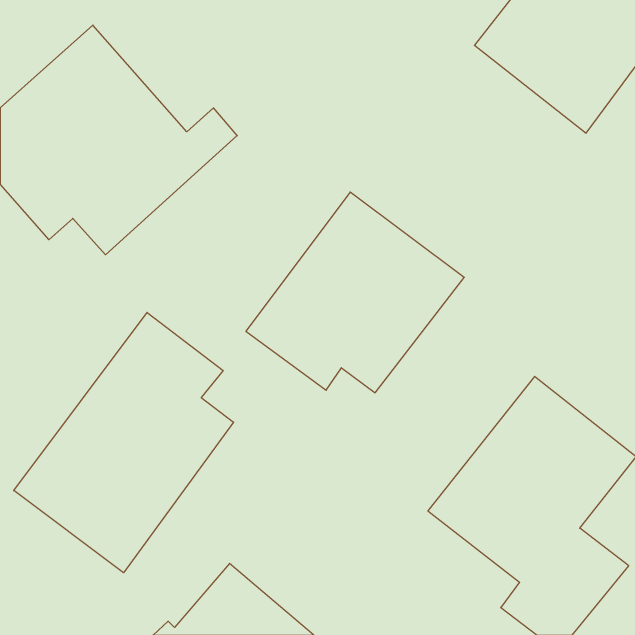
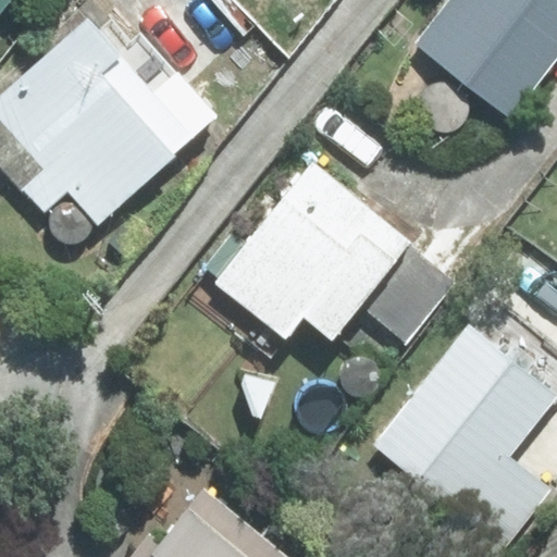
building: [14,312,234,573] -> none

